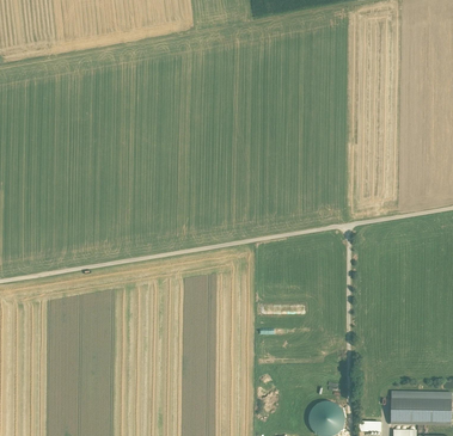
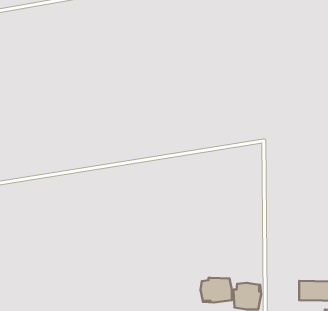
building: none -> [201,278,232,303]

